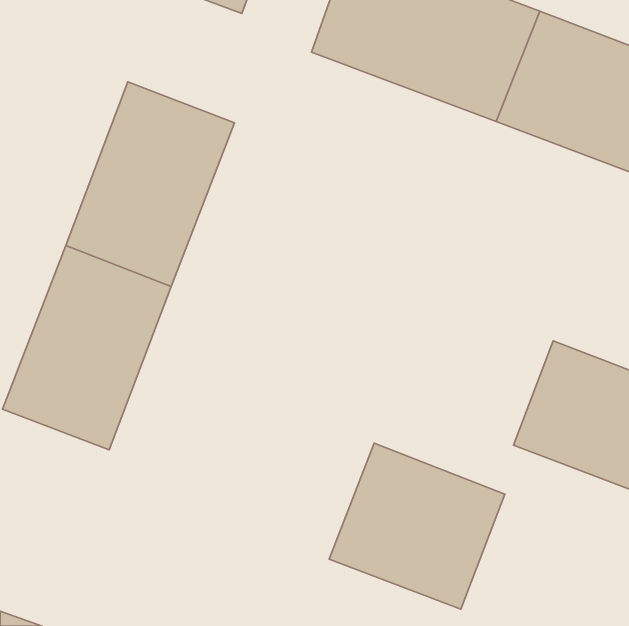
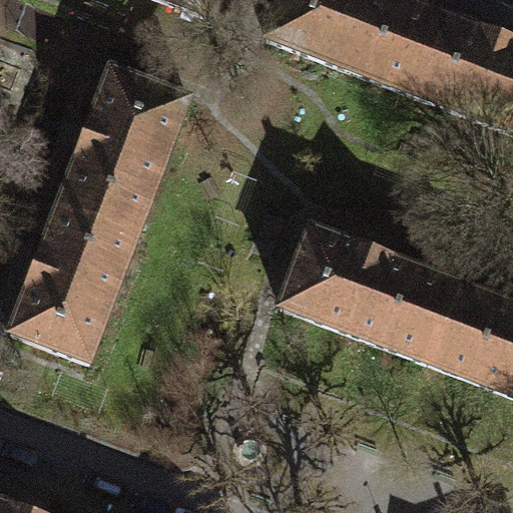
building: none -> [270,218,451,360]
building: [329,443,505,609] -> none

